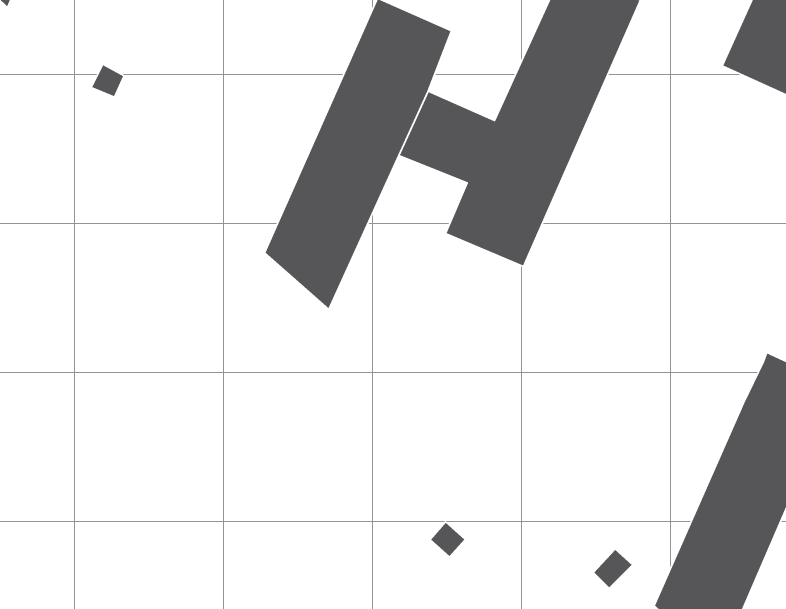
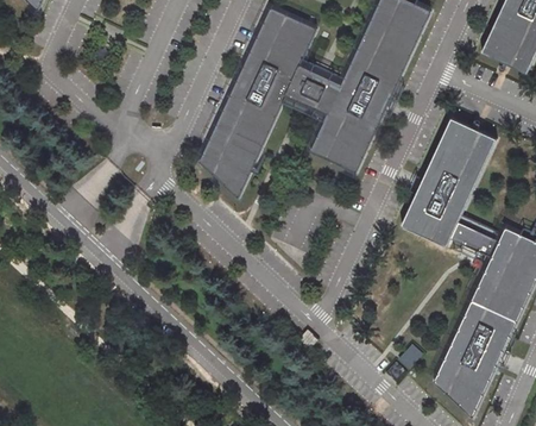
building: none -> [402,117,503,256]

